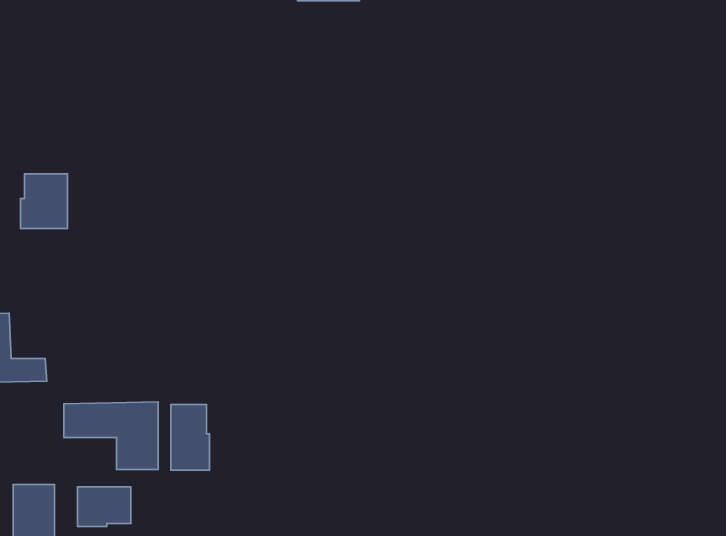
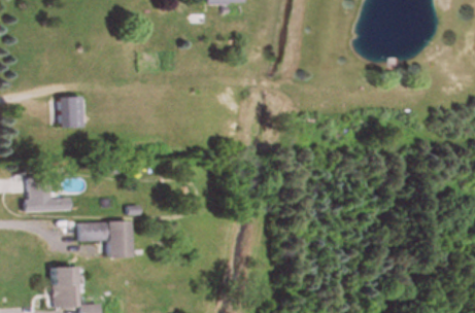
building: [171,404,210,470] -> none
building: [77,487,131,527] -> none

